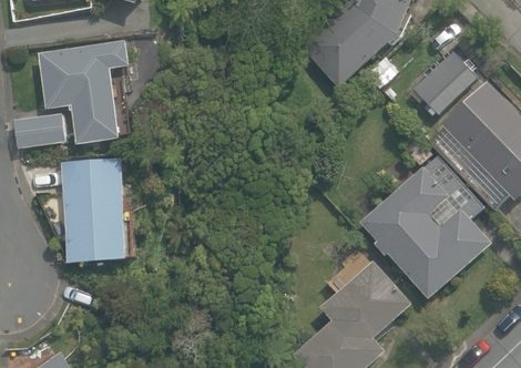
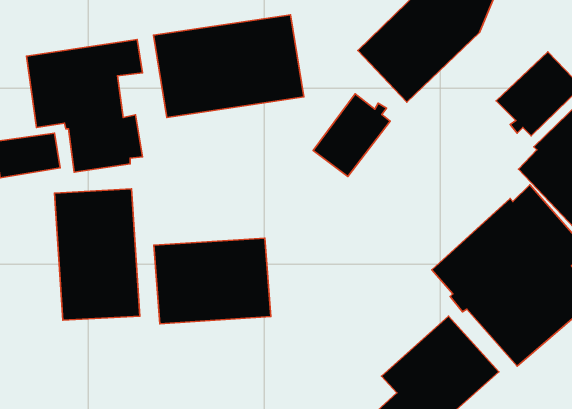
building: none -> [153,15,304,117]
building: none -> [313,94,390,177]
building: none -> [154,238,271,324]

